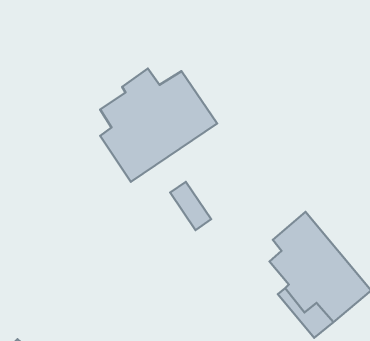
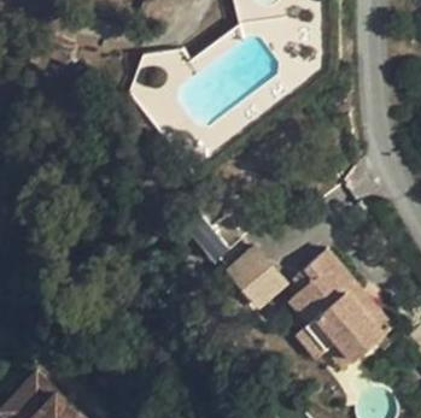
building: [100,69,217,182] -> none
building: none -> [224,247,291,314]

